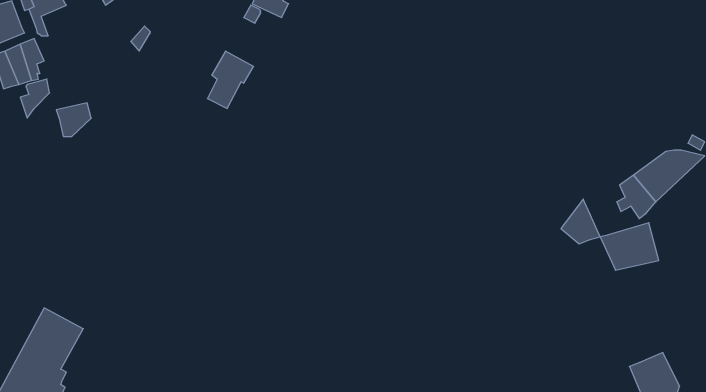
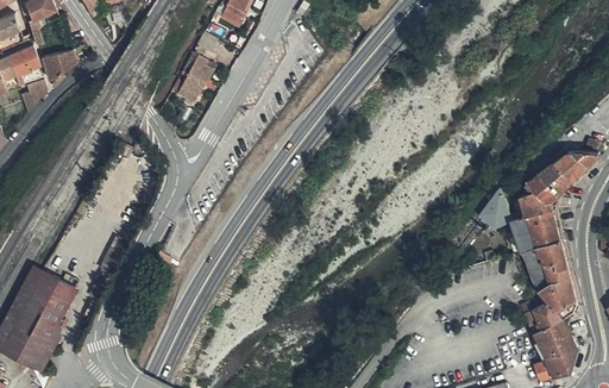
building: [56,103,91,136] -> [40,52,70,81]
building: none -> [511,187,553,215]
building: none -> [525,237,579,324]

